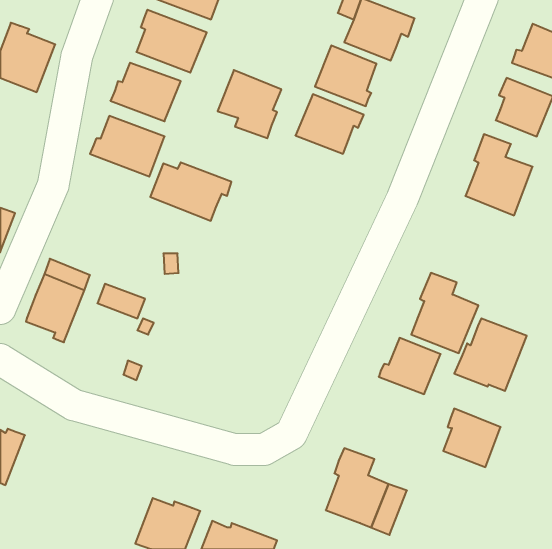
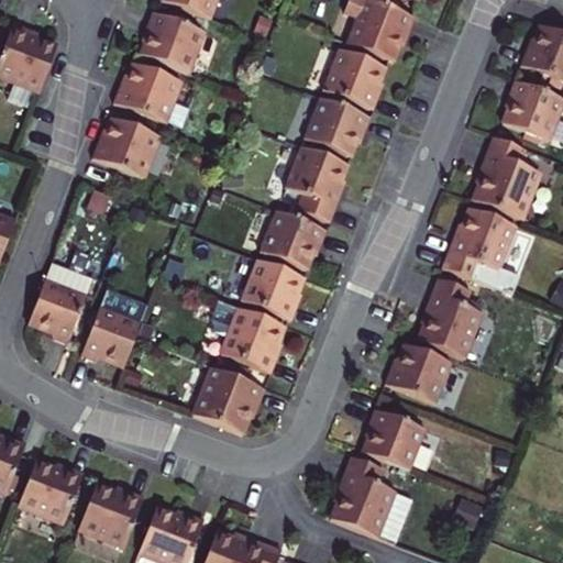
building: [218,70,281,138] -> [283,144,347,213]
building: [150,162,231,221] -> [244,209,327,268]
building: none -> [240,257,302,319]
building: none -> [211,299,284,372]
building: none -> [79,308,141,371]
building: [454,318,527,391] -> [443,207,517,280]
building: none -> [188,365,265,432]
building: [443,409,501,467] -> [364,408,422,467]
building: none -> [18,459,84,522]
building: none -> [78,482,144,545]

